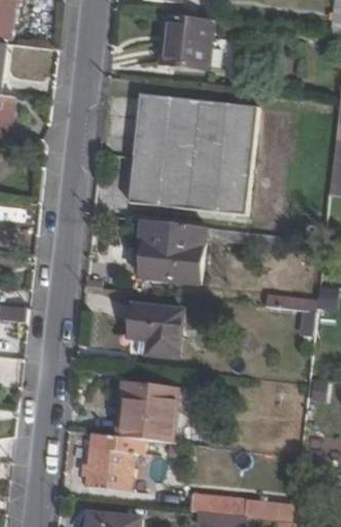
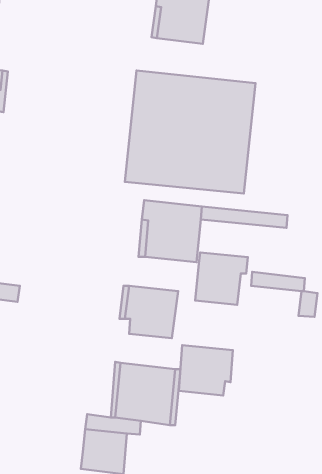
building: none -> [195,253,248,305]
building: none -> [179,345,233,395]

